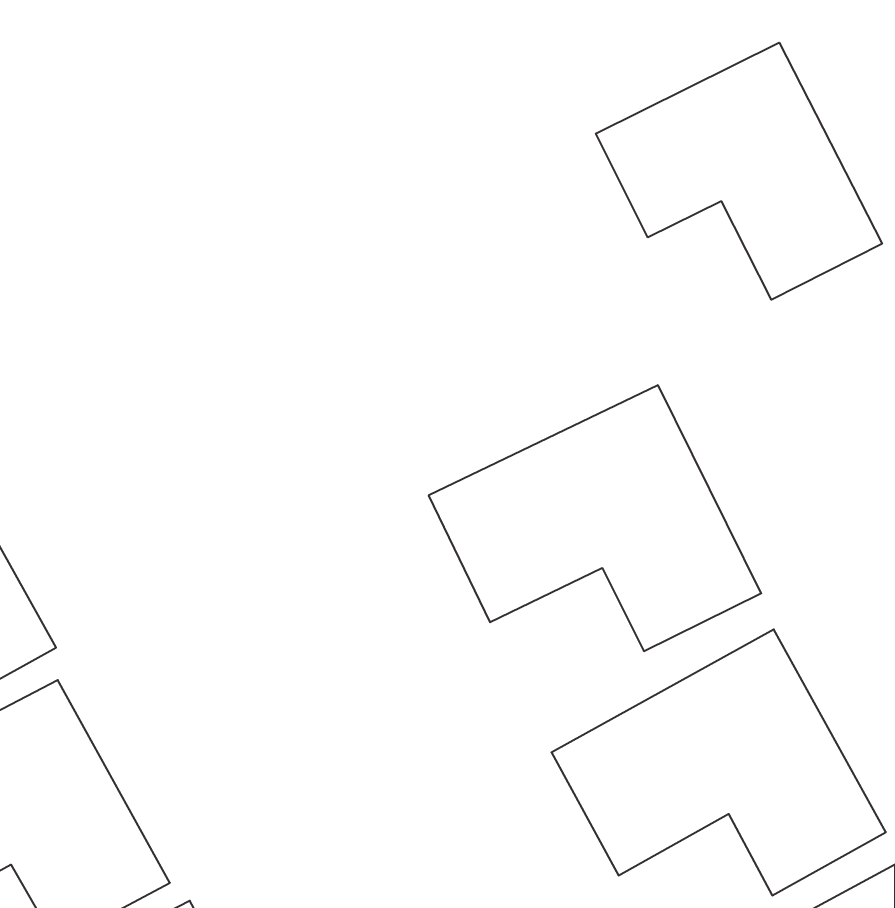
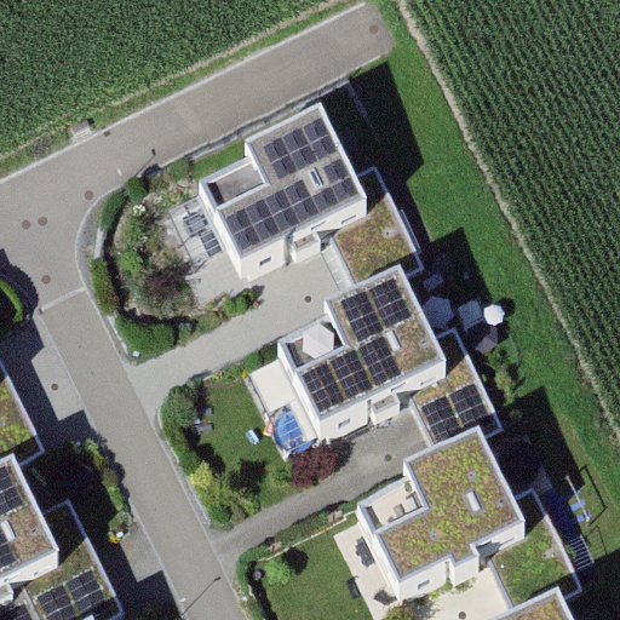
building: [596,43,882,300] -> none
building: none -> [176,136,404,315]

